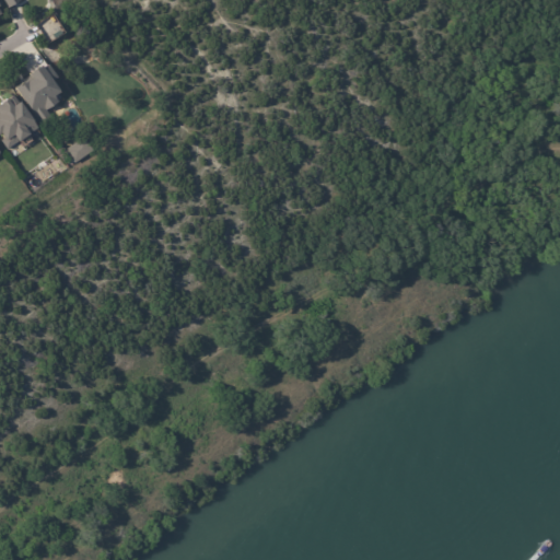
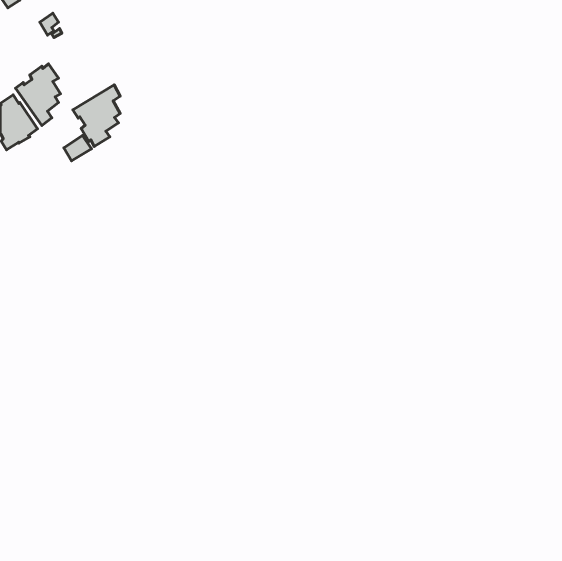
building: none -> [73,85,120,146]

